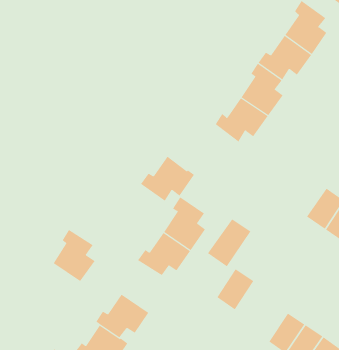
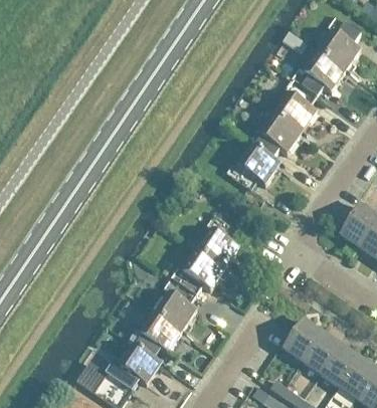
building: [140,156,195,202] -> [224,144,279,190]
building: [207,219,251,267] -> none
building: [53,229,95,282] -> [153,278,196,332]
building: [216,268,254,310] -> [282,319,321,361]

